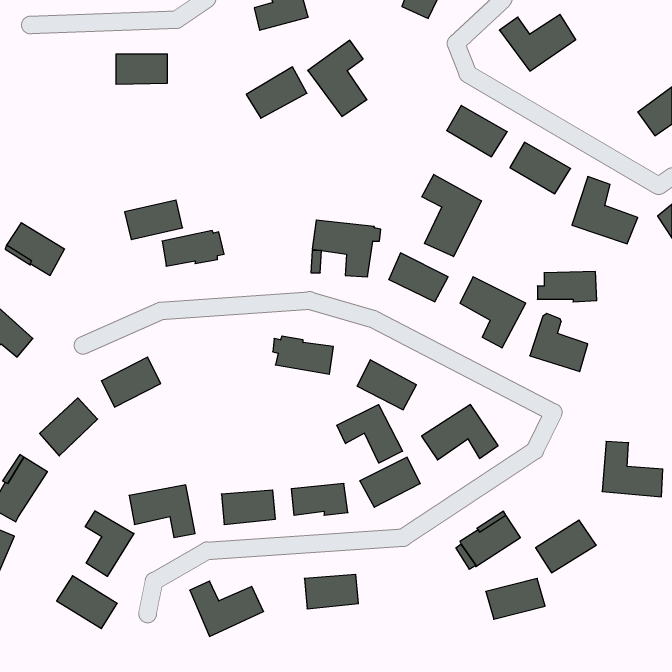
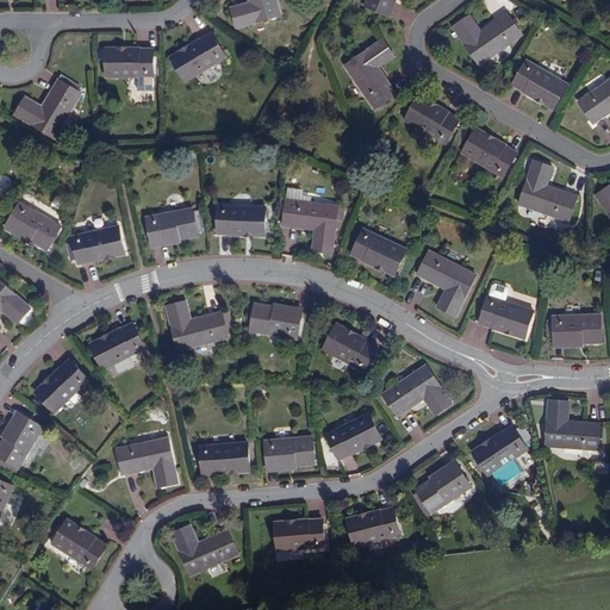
building: [308,40,367,117] -> [342,38,396,107]
building: [246,67,307,118] -> [169,33,224,80]
building: none -> [512,61,566,106]
building: none -> [14,75,81,137]
building: [422,174,481,257] -> none
building: [125,200,183,240] -> [71,226,124,262]
building: none -> [217,205,264,232]
building: [537,272,597,302] -> [547,315,600,342]
building: none -> [166,301,228,350]
building: [337,405,403,463] -> none
building: [85,511,134,576] -> none
building: [536,520,596,573] -> [472,427,527,474]
building: [486,578,545,619] -> [346,509,399,546]

